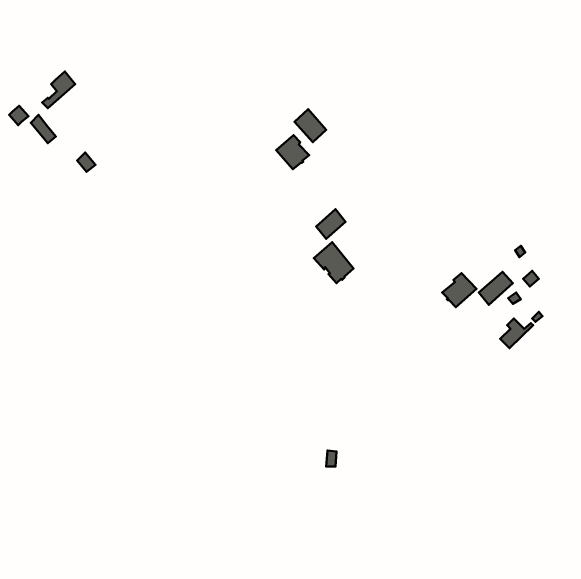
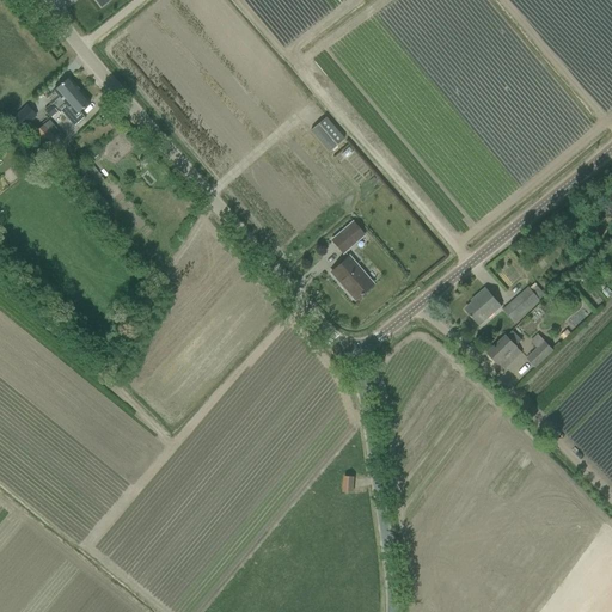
building: none -> [59,88,90,124]
building: [276,135,309,169] -> none
building: none -> [488,335,521,368]

